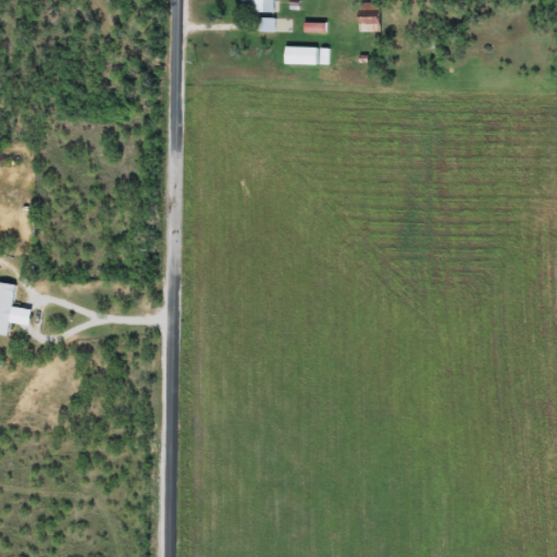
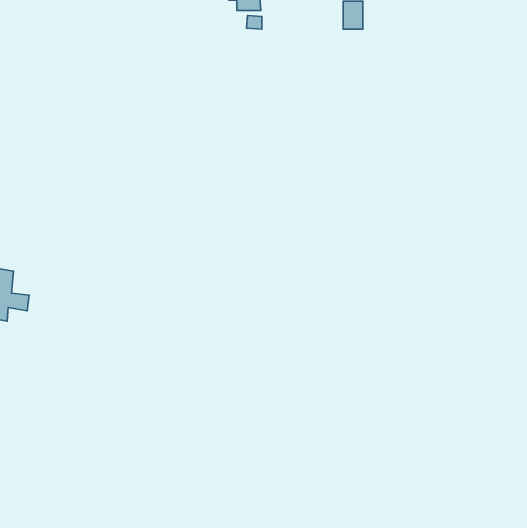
building: [285,46,318,64] -> none

